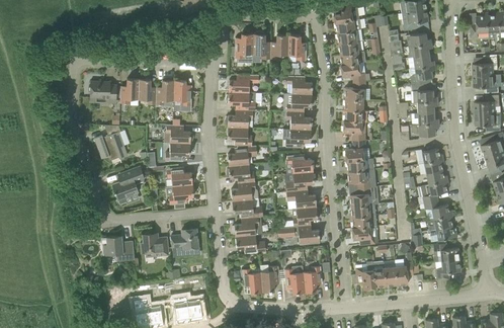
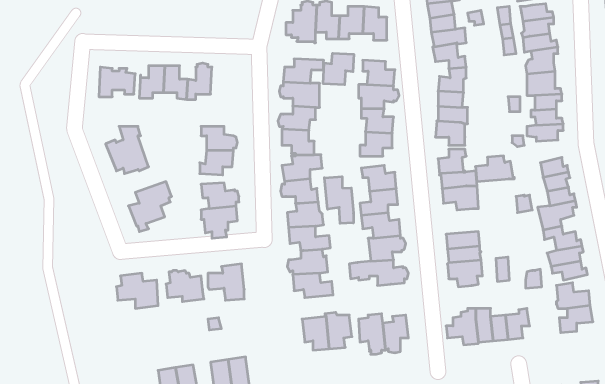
building: none -> [323,53,354,85]
building: [174,80,192,110] -> none
building: none -> [324,177,353,223]
building: [350,186,380,206] -> [475,156,514,181]

